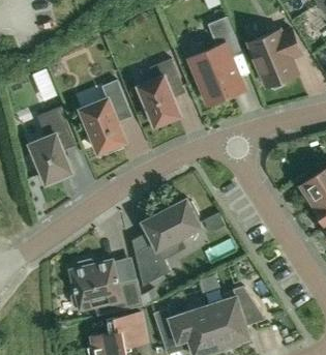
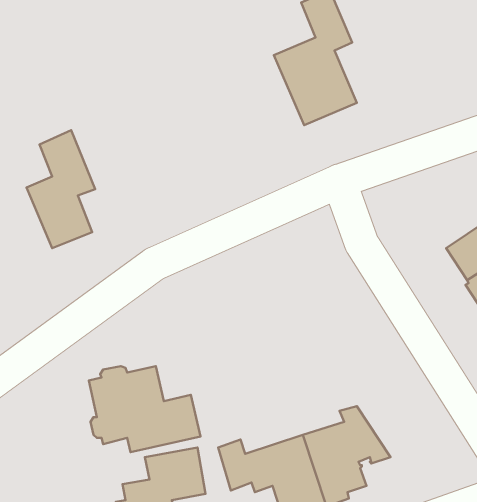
building: [248,29,301,90] -> none
building: [137,59,182,126] -> none
building: [80,81,128,155] -> none
building: [134,200,200,287] -> none

